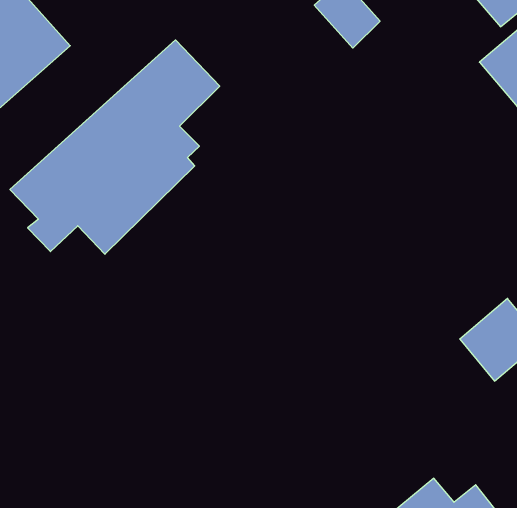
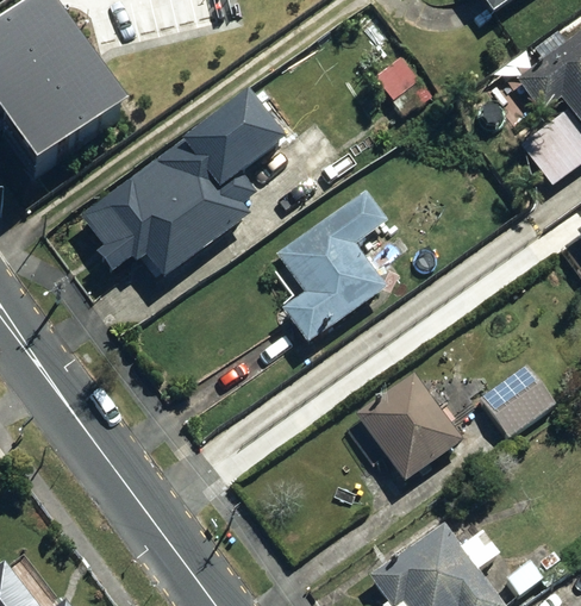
building: none -> [270,189,388,346]
building: none -> [354,371,460,482]

